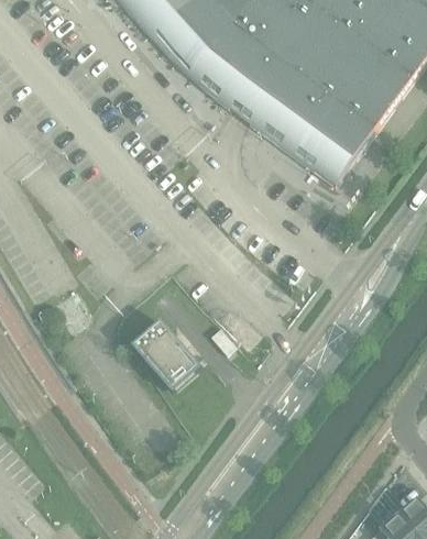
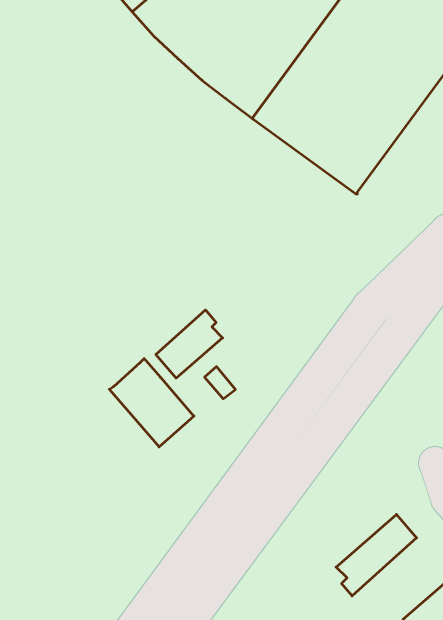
building: none -> [156,310,223,378]
building: none -> [336,514,417,596]

